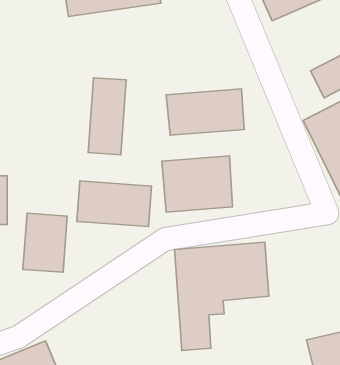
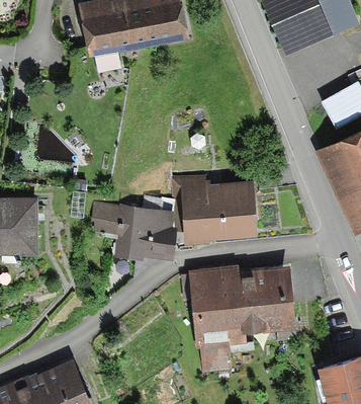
building: [88,78,126,155] -> none
building: [166,89,244,135] -> none
building: [23,213,67,272] -> none

